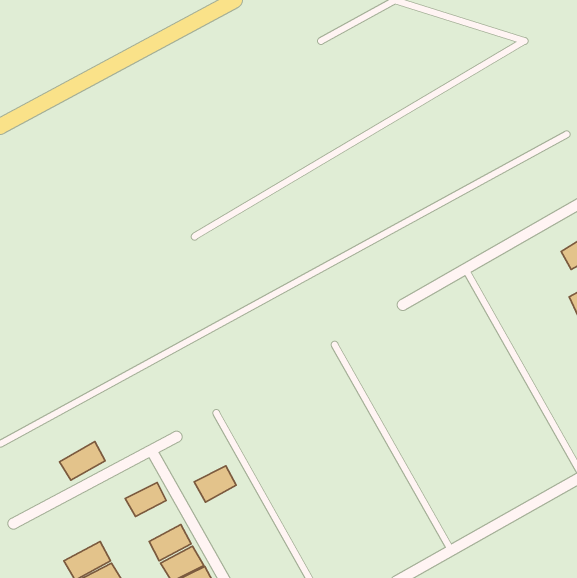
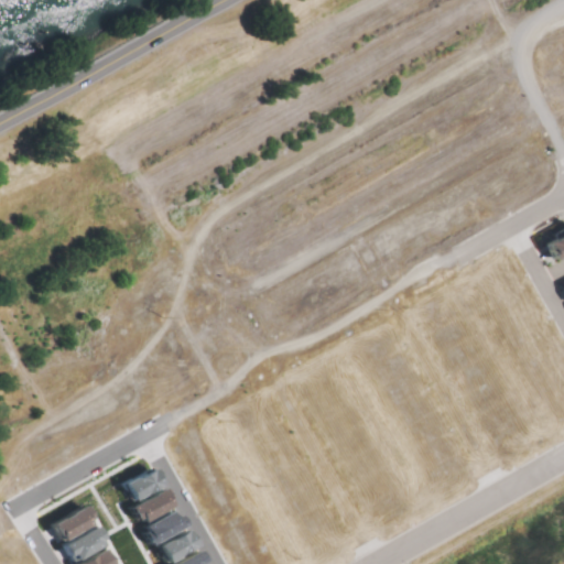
building: [60,441,105,480] -> [55,507,99,544]
building: [194,466,236,502] -> [137,490,177,525]

